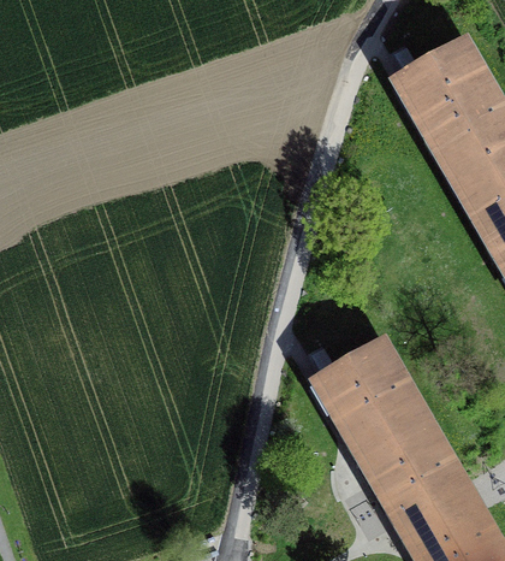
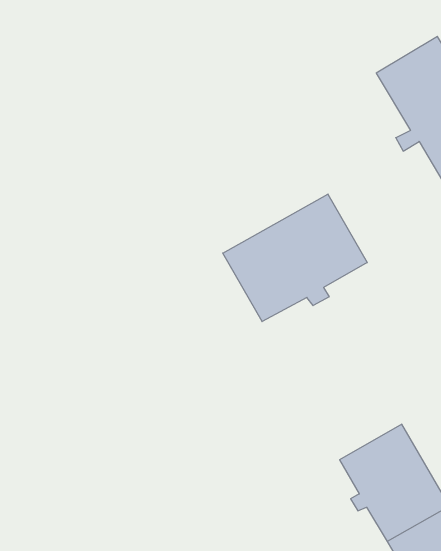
building: none -> [223,194,367,322]
building: [315,338,424,455] -> none

